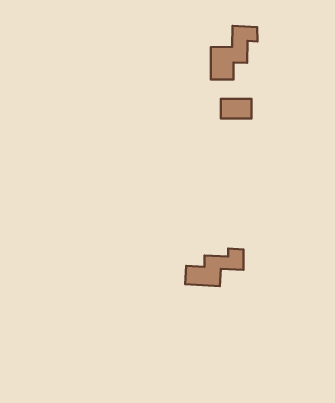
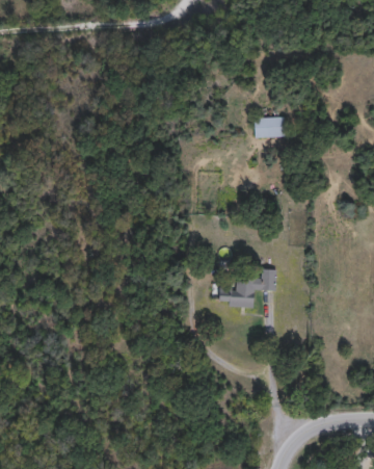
building: [211,26,257,80] -> none

